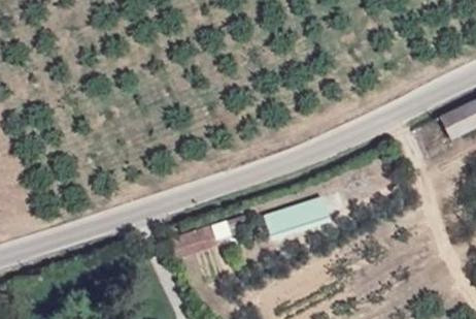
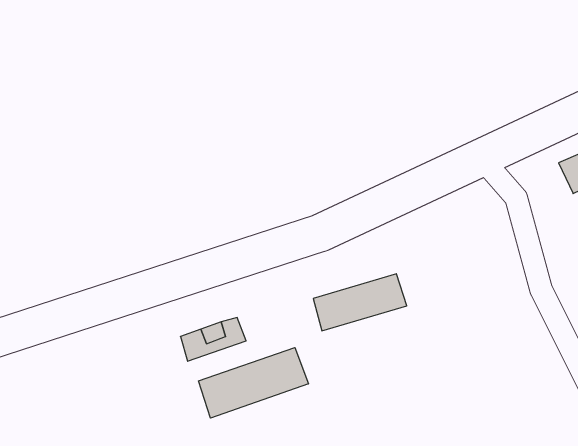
building: none -> [198,348,308,418]

